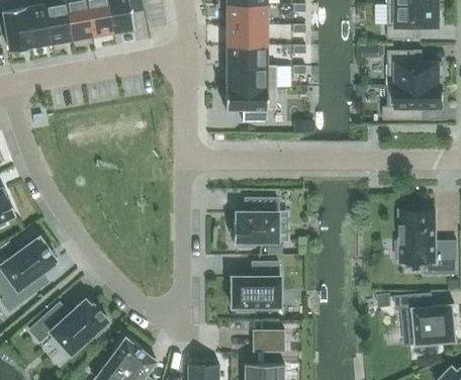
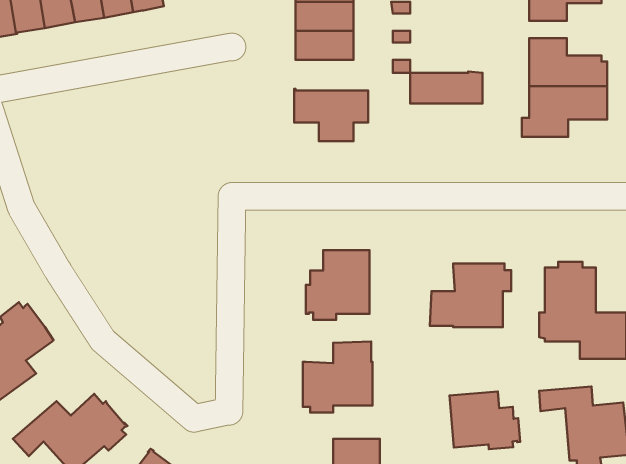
building: [225,65,276,87] -> [410,72,483,103]
building: none -> [430,263,511,327]
building: none -> [450,391,520,449]

